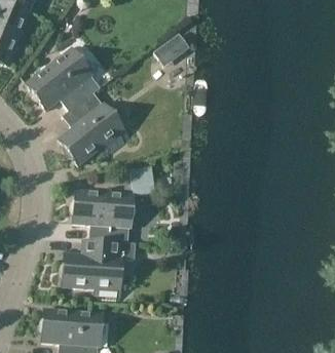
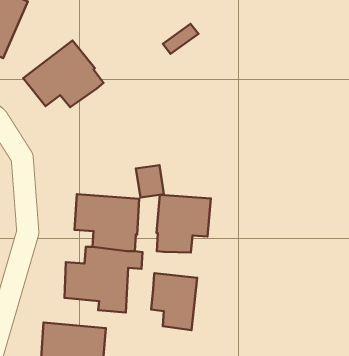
building: [59,92,129,164] -> none
building: none -> [157,195,211,252]
building: none -> [151,273,197,330]

